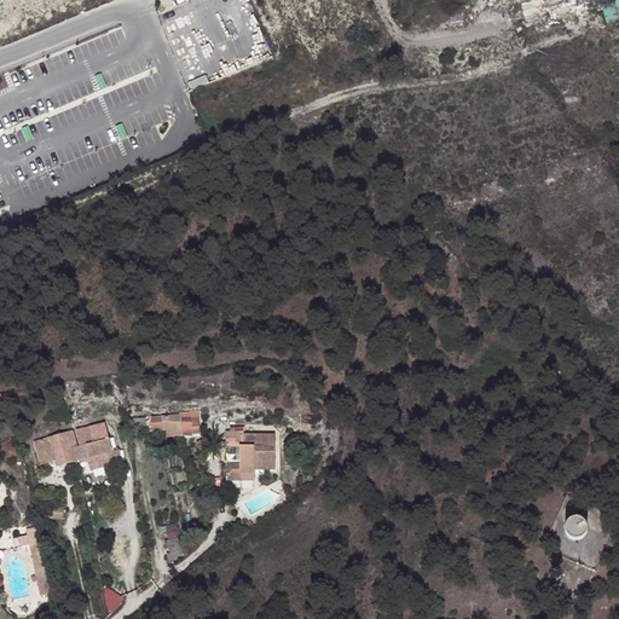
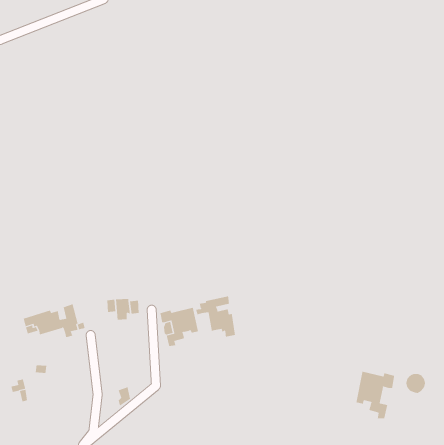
building: none -> [195,296,236,338]
building: none -> [356,371,395,419]

